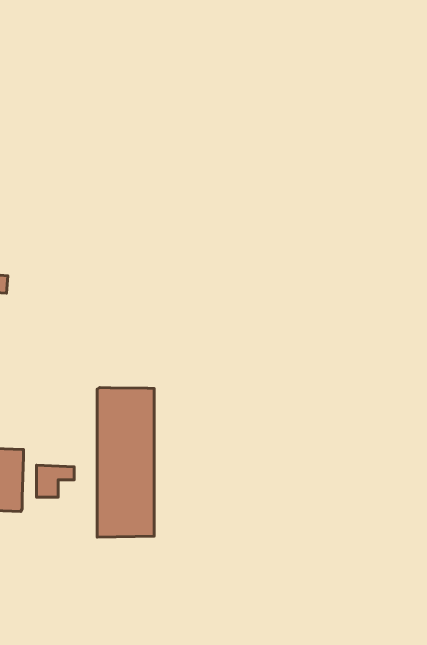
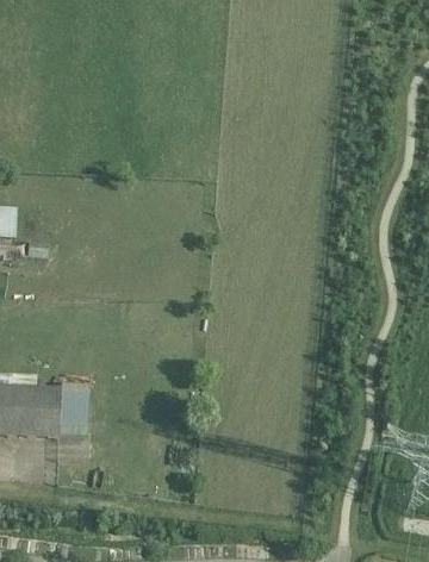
building: [97,387,154,537] -> none

